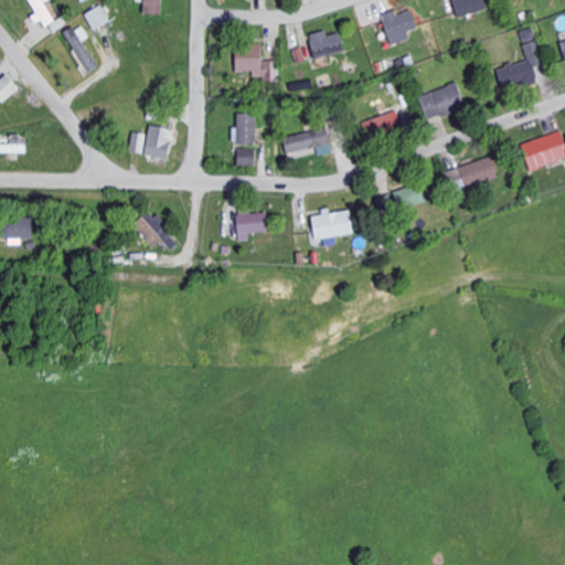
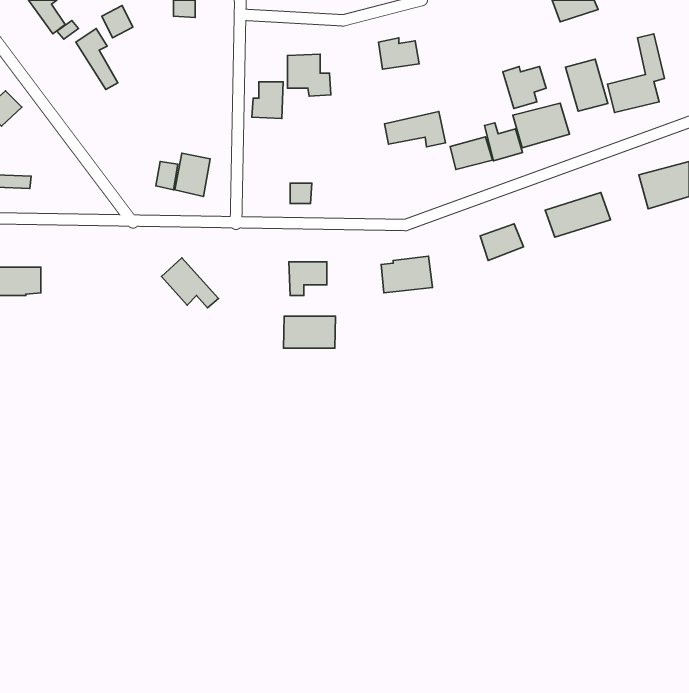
building: [380,10,415,44] -> [503,67,546,109]
building: none -> [565,59,608,111]
building: none -> [485,123,522,161]
building: [230,114,255,143] -> [252,82,283,119]
building: [281,127,331,156] -> [385,112,446,147]
building: none -> [283,316,336,348]

